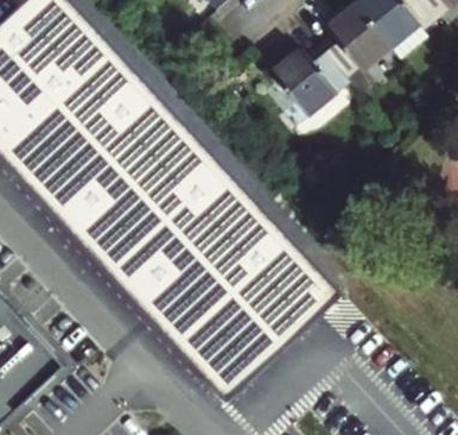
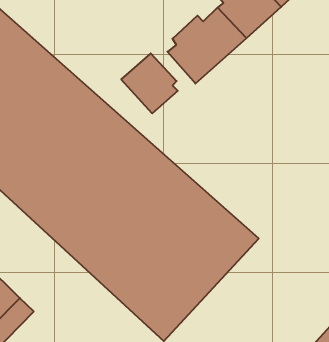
building: none -> [121,53,178,113]

